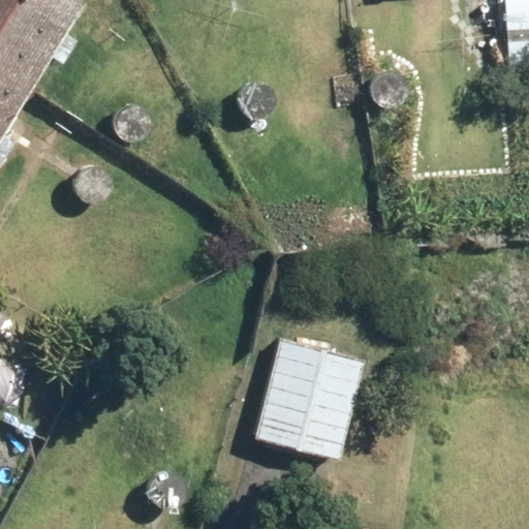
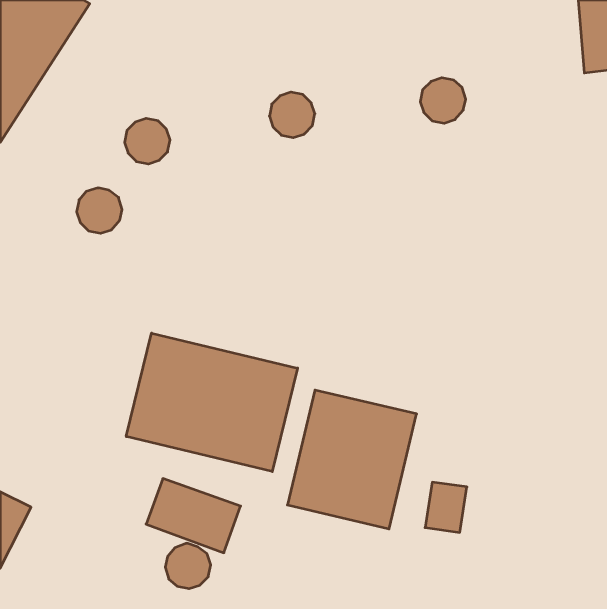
building: none -> [126,333,298,472]

